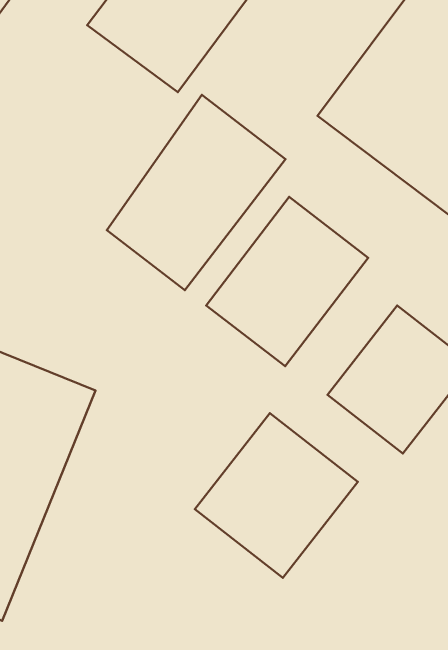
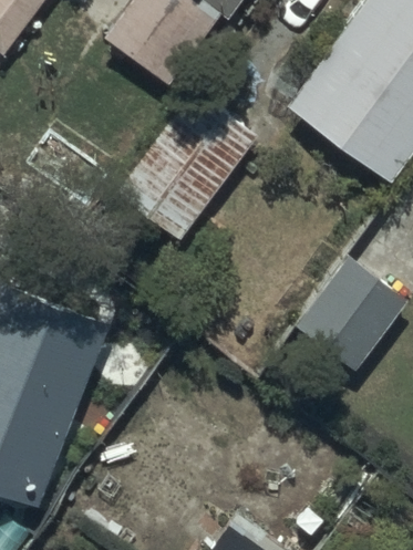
building: [206,197,368,366] -> none
building: [195,413,358,578] -> none

